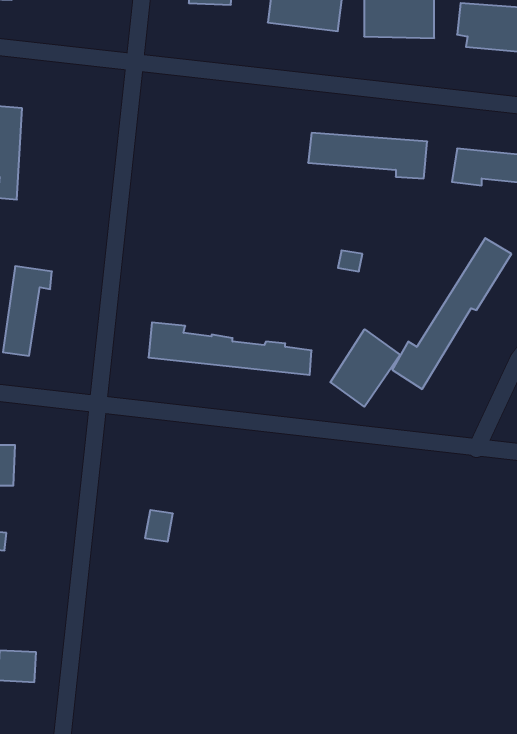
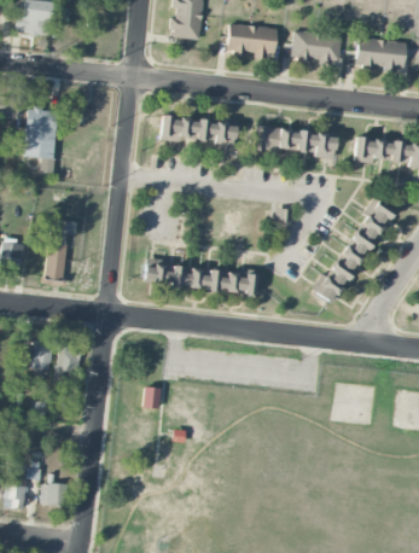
building: none -> [159,116,237,145]
building: [330,329,400,407] -> none
building: none -> [57,344,80,372]

